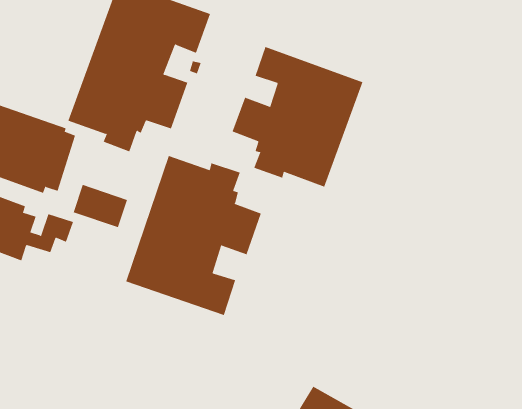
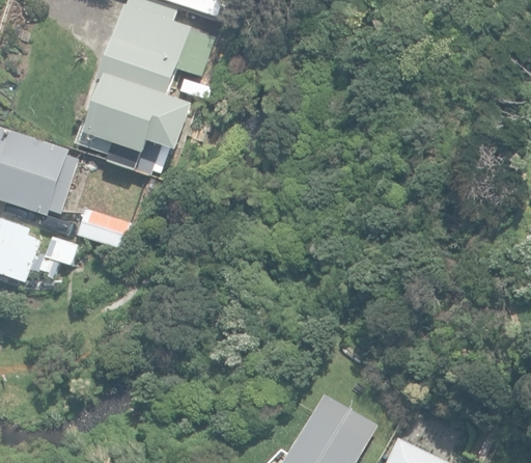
building: [232,46,363,188] -> none
building: [125,155,262,316] -> none

